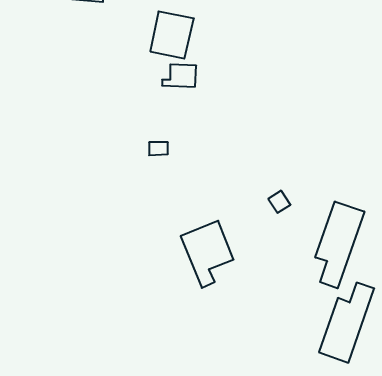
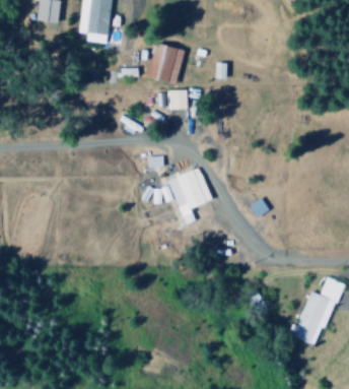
building: [315,201,364,288] -> none
building: [181,221,234,288] -> [167,168,213,225]

